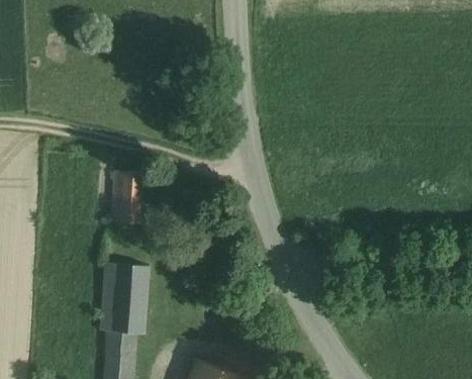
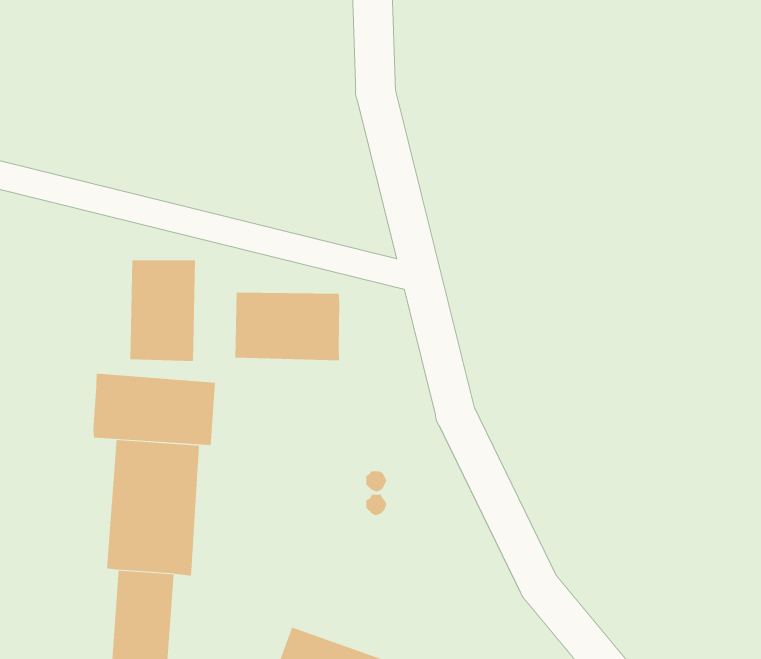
building: none -> [235,292,340,361]
building: none -> [93,373,216,446]

